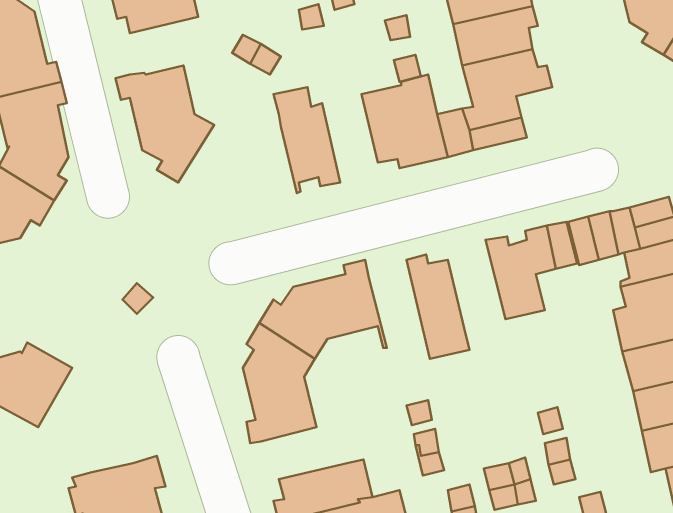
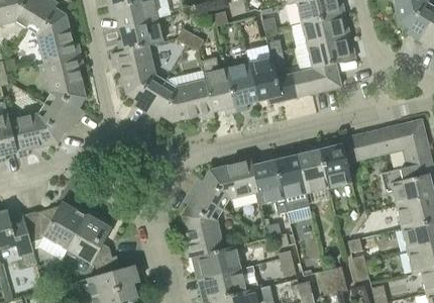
building: none -> [116,18,162,50]
building: none -> [226,62,257,111]
building: none -> [145,79,212,121]
building: none -> [297,143,329,193]
building: none -> [252,155,287,212]
building: none -> [67,214,120,274]
building: none -> [192,245,240,278]

